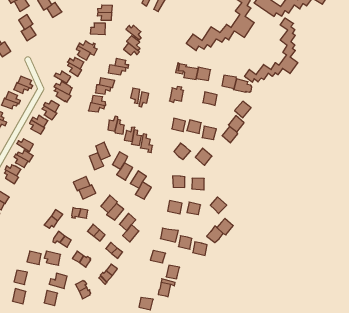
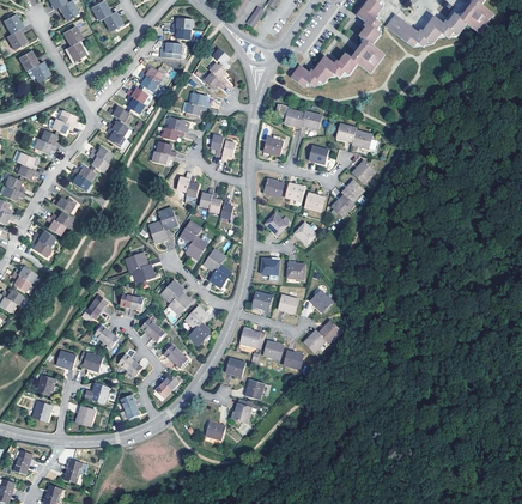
building: [245,18,298,82] -> none

